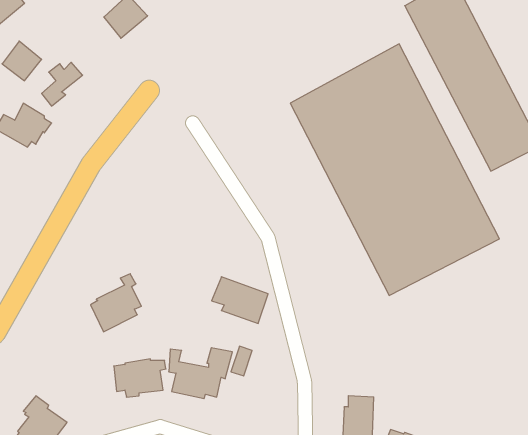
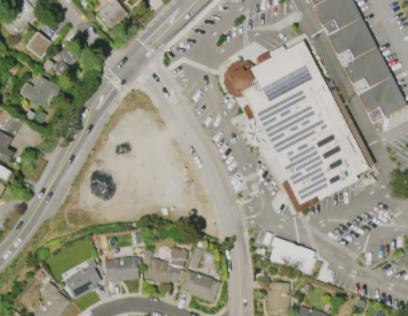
building: [91,274,141,332] -> [65,258,101,299]
building: [212,277,268,323] -> [180,270,220,303]
building: none -> [271,235,315,268]

